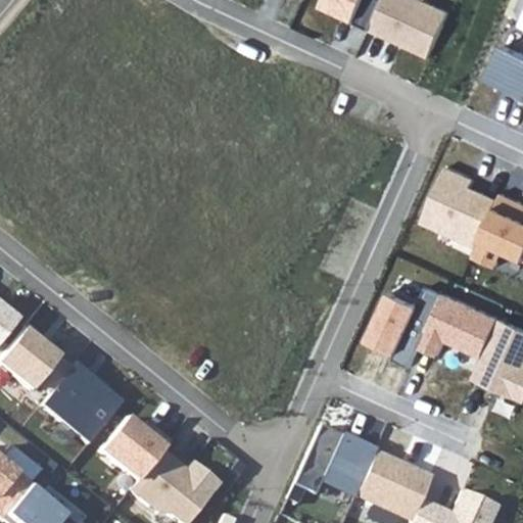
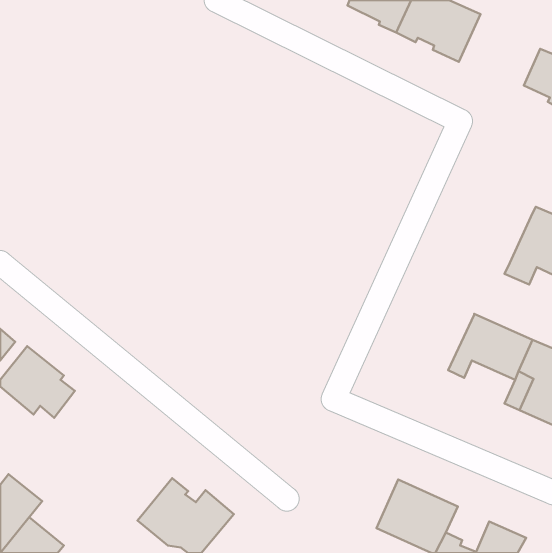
building: [426,169,504,248] -> none
building: [373,289,448,369] -> none
building: [41,366,122,446] -> none
building: [100,420,170,484] -> none
building: [288,427,377,506] -> none

